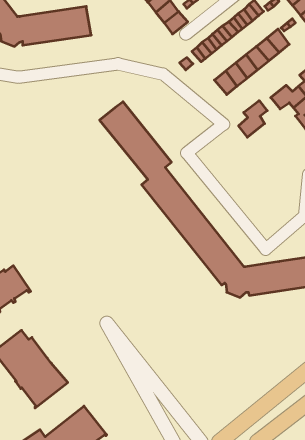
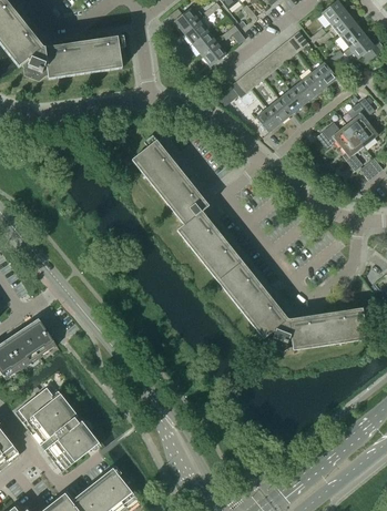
building: [239,101,267,137] -> none

